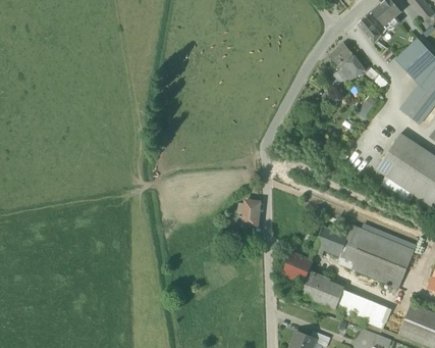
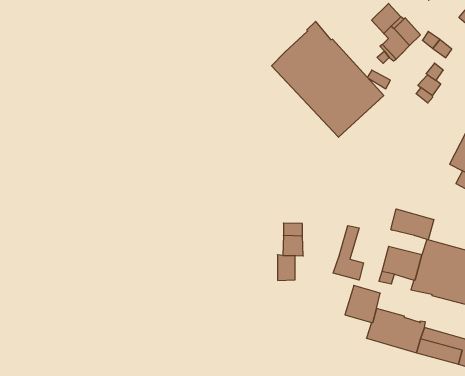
building: none -> [272,21,384,137]
building: none -> [391,209,434,240]
building: none -> [333,226,363,280]

